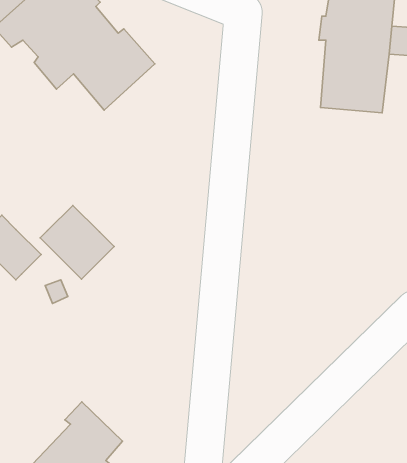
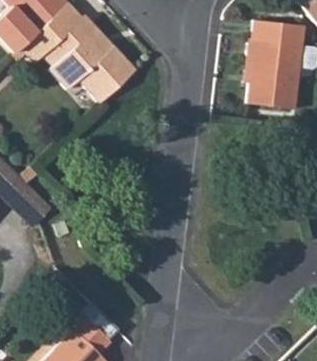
building: [40,205,114,279] -> none

